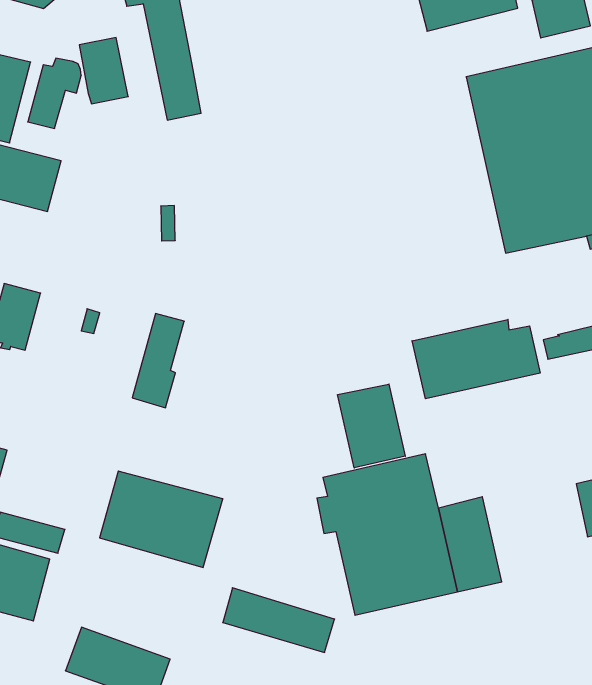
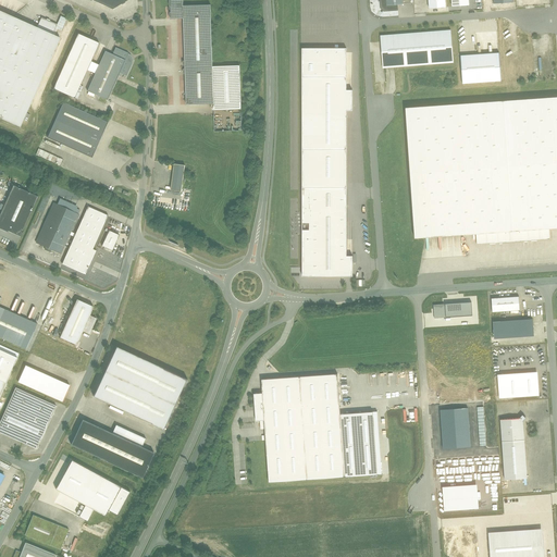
building: none -> [301,50,351,276]
building: [79,38,128,104] -> [212,66,242,111]
building: [132,314,184,408] -> [62,206,108,274]
building: [412,319,540,399] -> none
building: [338,384,405,468] -> none
building: none -> [59,298,95,343]
building: [223,588,335,652] -> [74,420,154,476]

